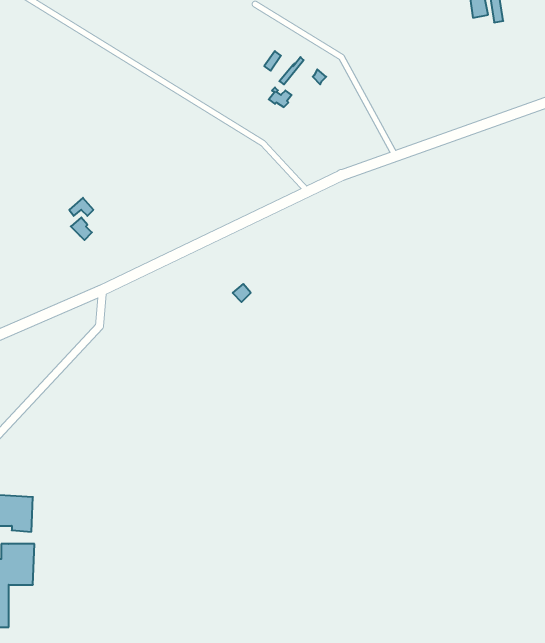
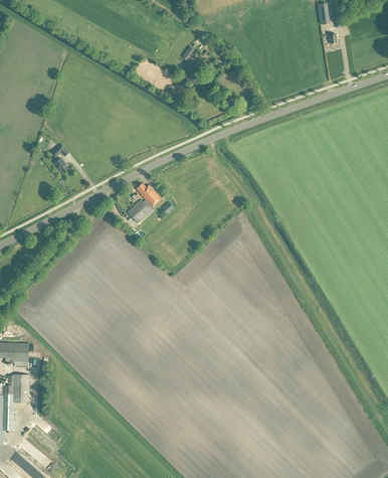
building: none -> [126,182,160,223]

